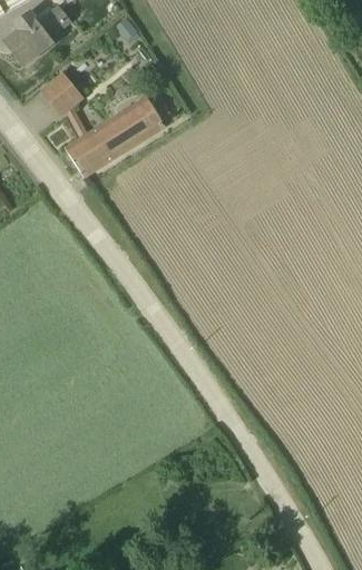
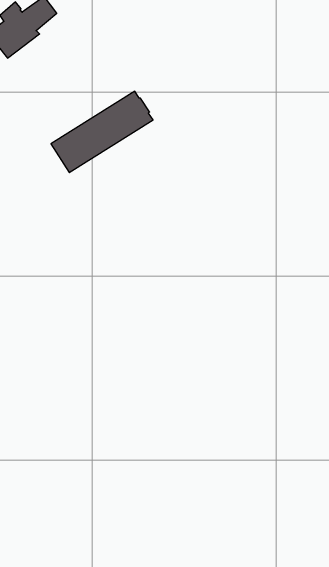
building: [40,72,87,139] -> none

